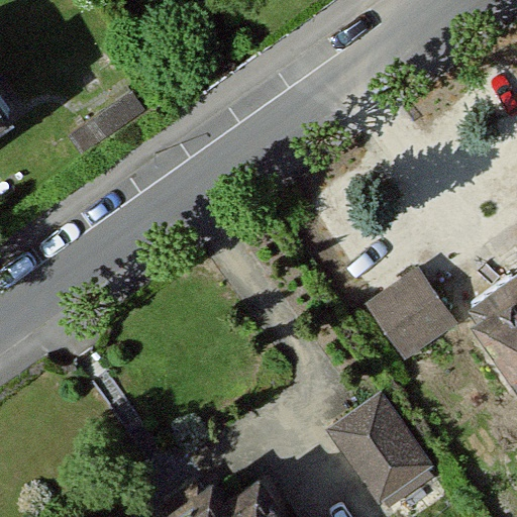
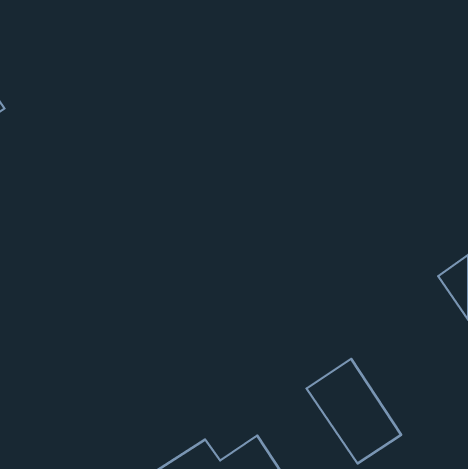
building: [367,271,453,356] -> none

